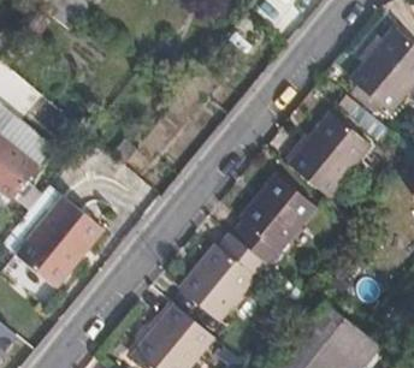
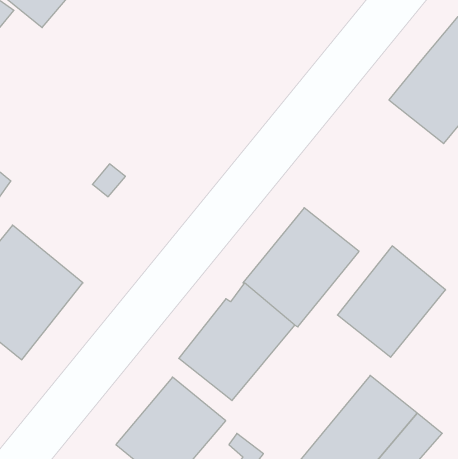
building: [288,111,371,196] -> [337,246,446,357]

